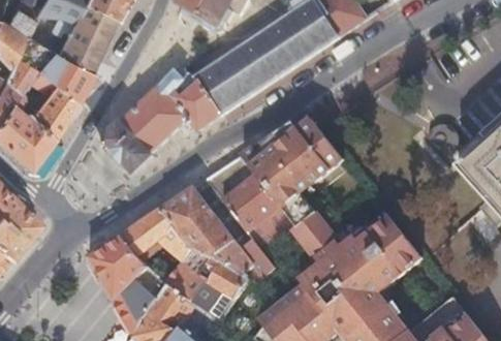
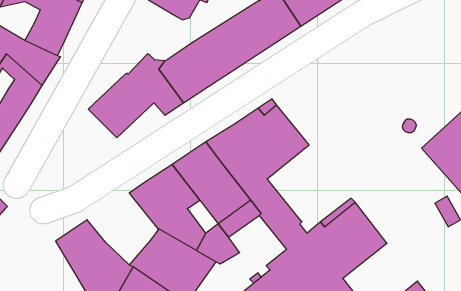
building: [100,122,150,172] -> none
building: [118,208,190,280] -> none

